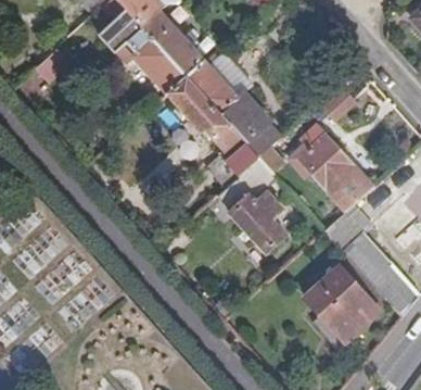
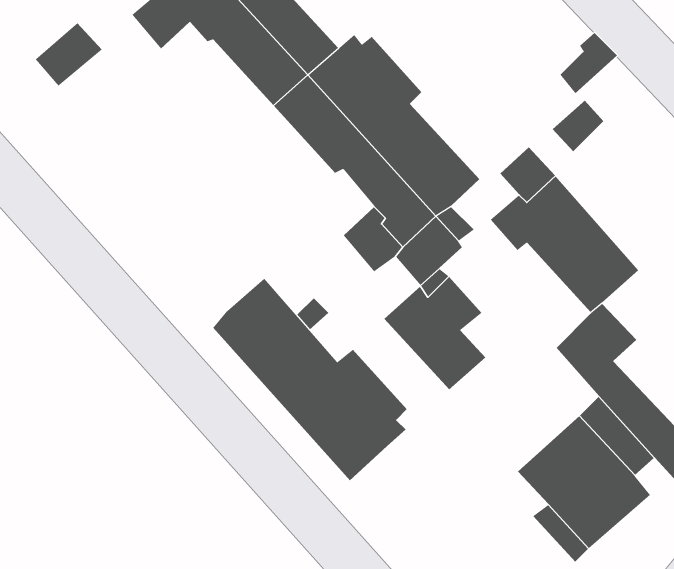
building: none -> [213,278,408,481]

